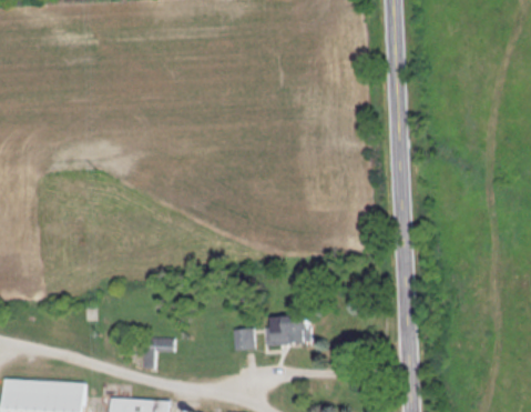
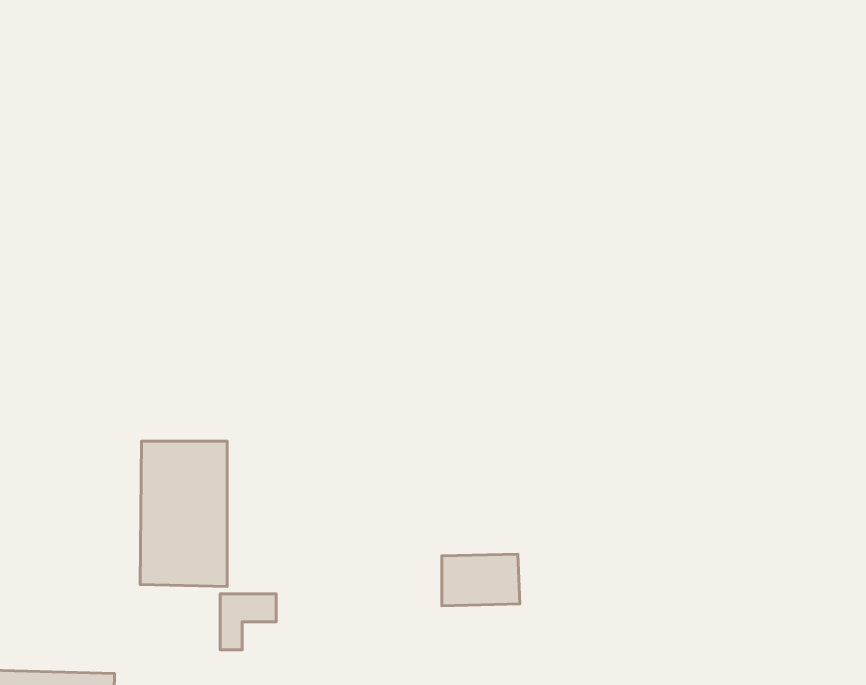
building: none -> [140,441,227,587]
building: [234,328,254,350] -> none

